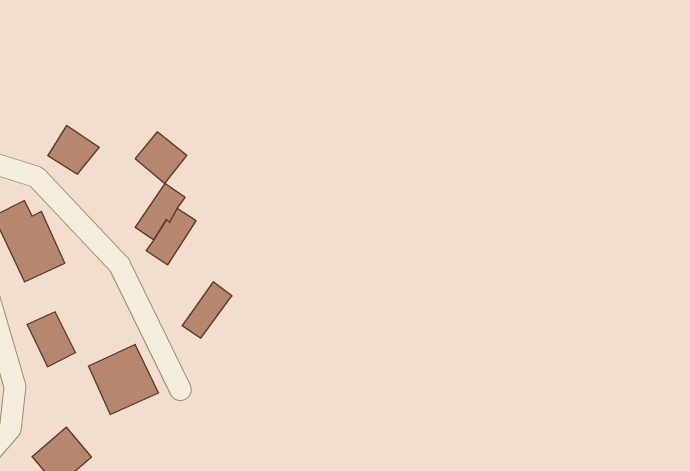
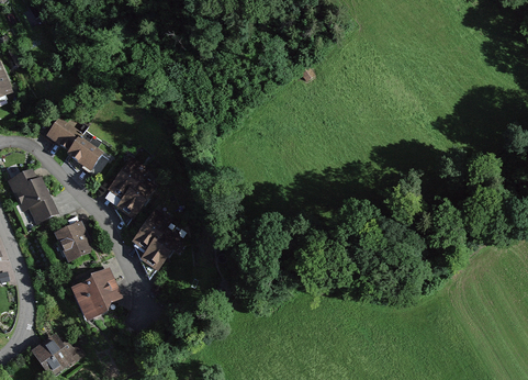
building: [135,132,187,183] -> [67,133,103,169]
building: none -> [132,210,168,250]
building: [27,312,76,367] -> [57,223,91,261]

